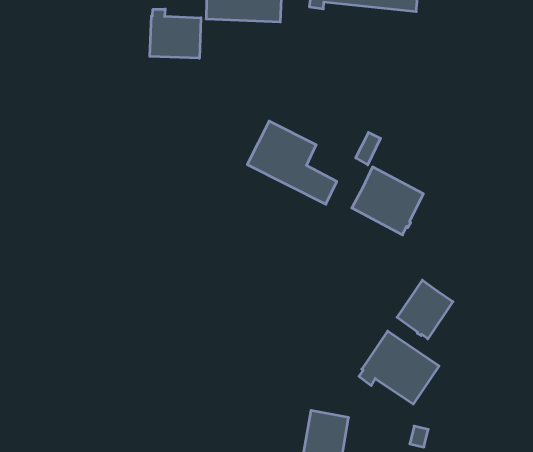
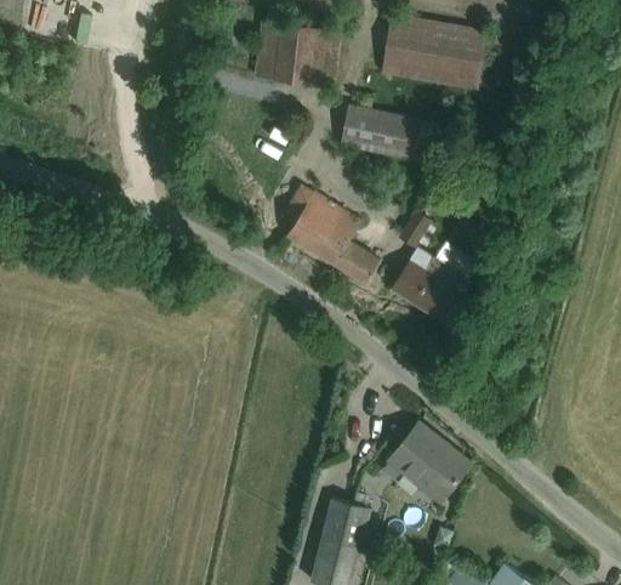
building: [150,9,201,58] -> none
building: none -> [340,106,433,163]
building: [397,280,453,339] -> none

